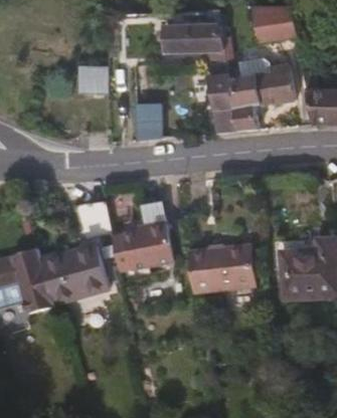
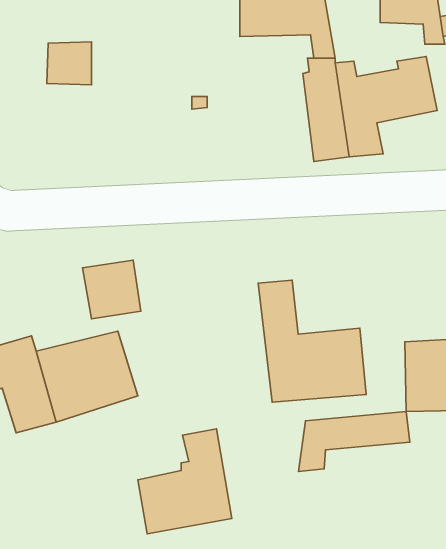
building: [83,66,113,94] -> [47,42,91,85]
building: [139,102,175,141] -> none
building: [108,201,169,269] -> [138,429,232,534]
building: none -> [298,411,410,472]

